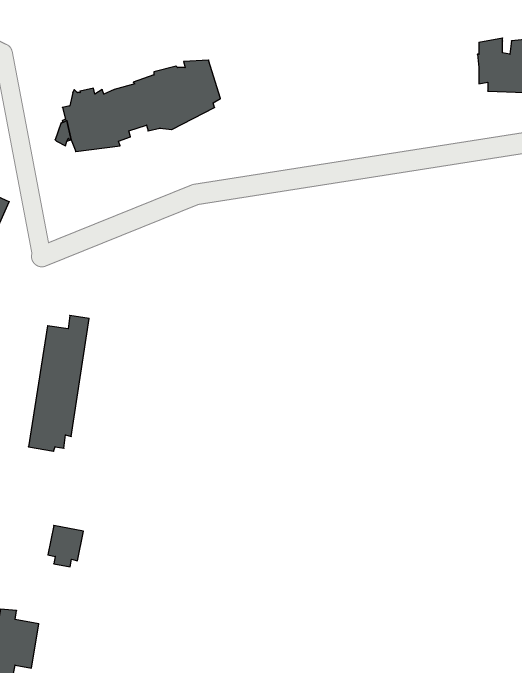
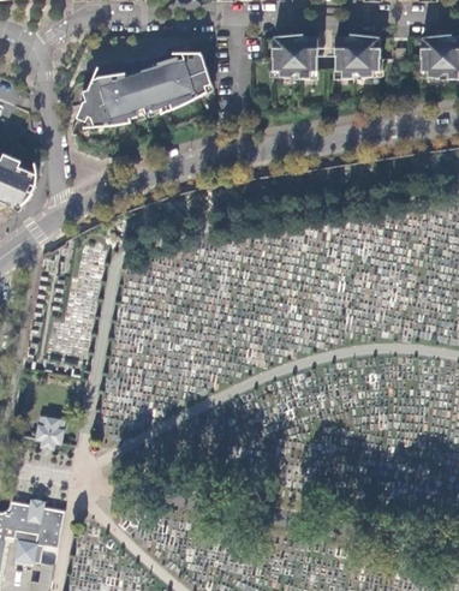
building: none -> [334,34,381,78]
building: none -> [270,35,316,78]
building: [48,525,83,567] -> [36,414,65,448]

